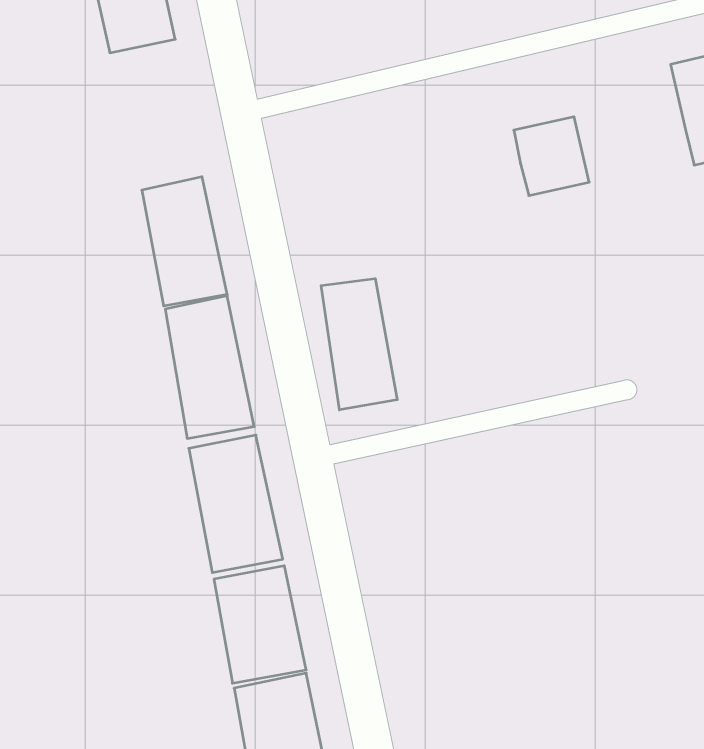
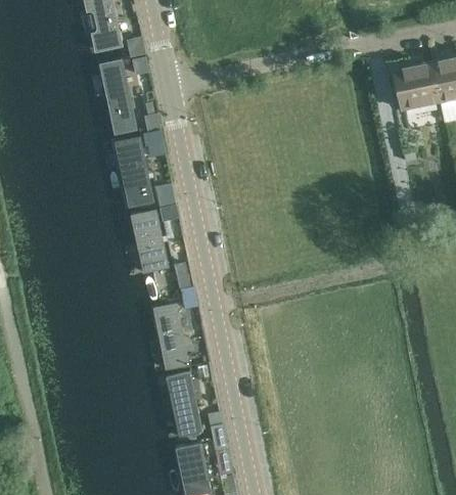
building: none -> [91,48,146,134]
building: [514,117,589,196] -> [396,61,442,109]
building: [321,279,397,410] -> none

